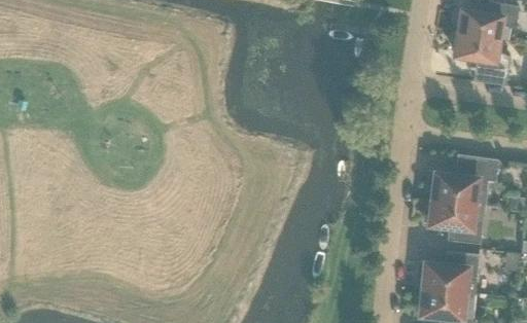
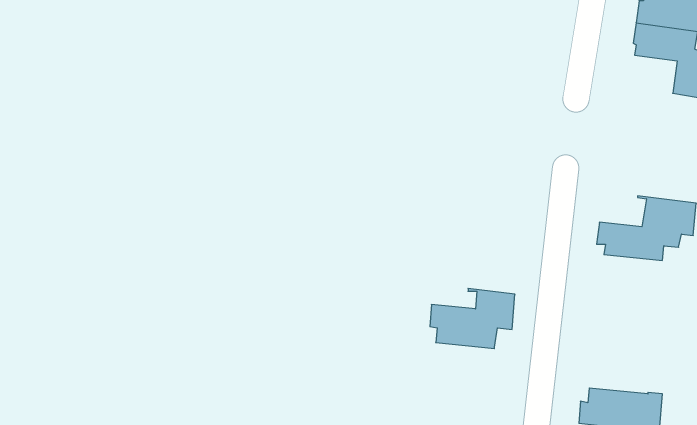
building: [425,195,484,244] -> none
building: [420,251,480,293] -> [430,288,515,349]

